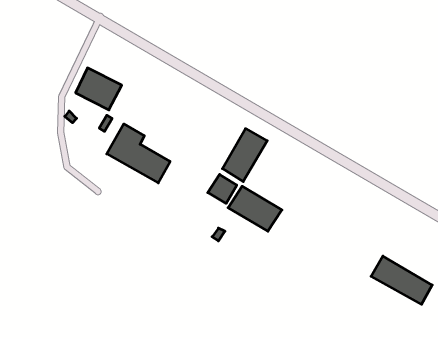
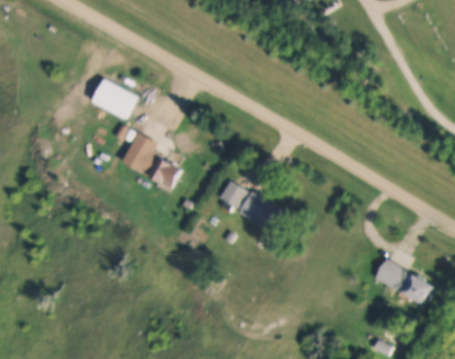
building: [222,129,267,182] -> none

